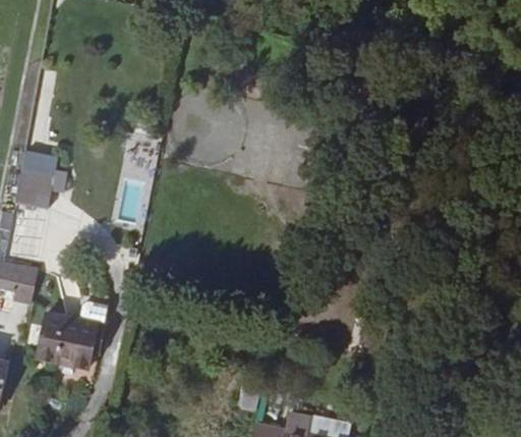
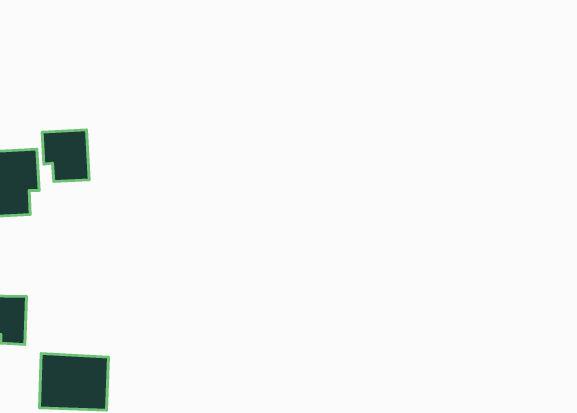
building: none -> [42,130,89,182]

